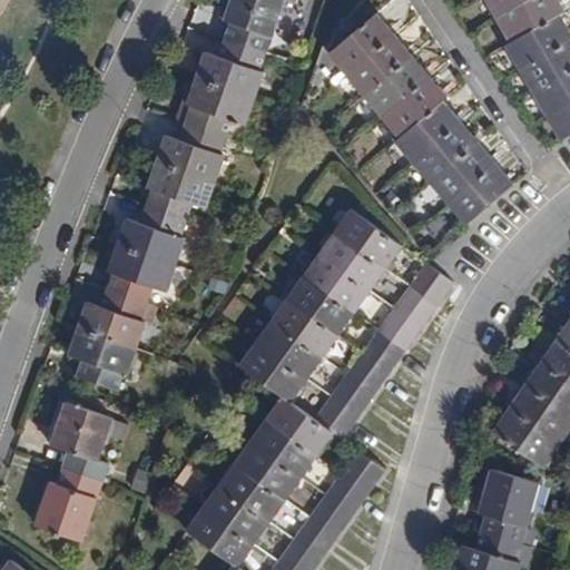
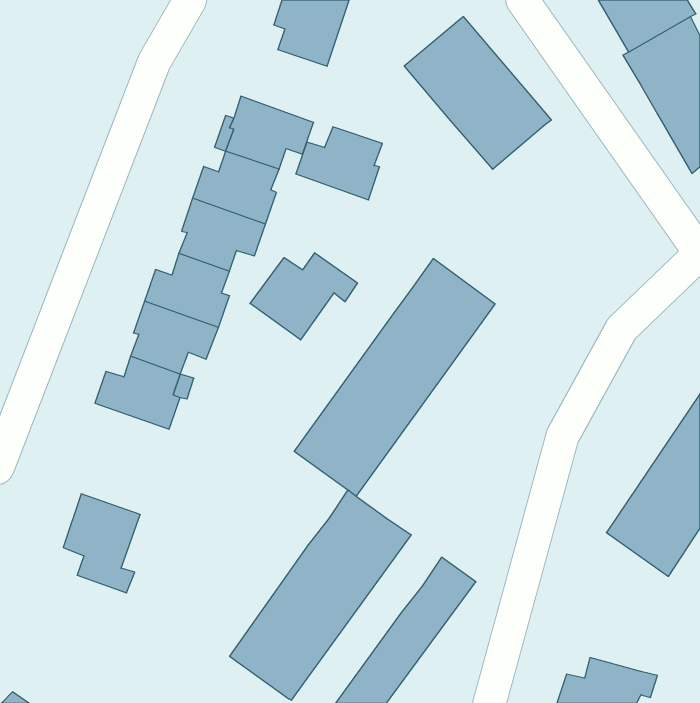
building: [195,40,265,99] -> [296,127,382,200]
building: [394,100,513,225] -> none
building: none -> [250,253,357,340]
building: [313,264,453,439] -> none
building: [68,326,137,389] -> none
building: [35,465,102,540] -> none
building: [475,469,537,543] -> none

